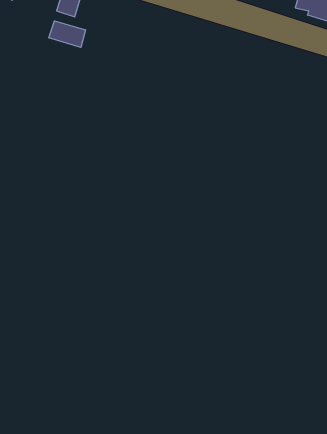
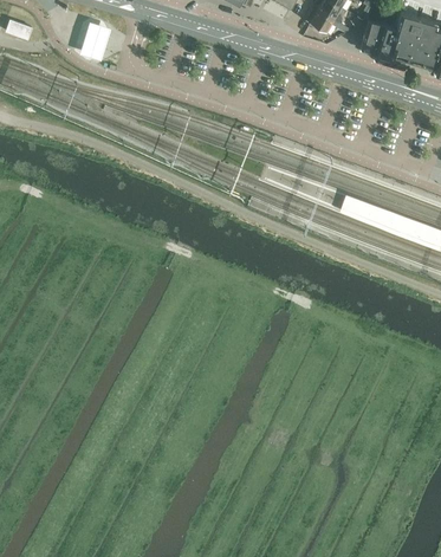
building: [49,21,85,47] -> none

